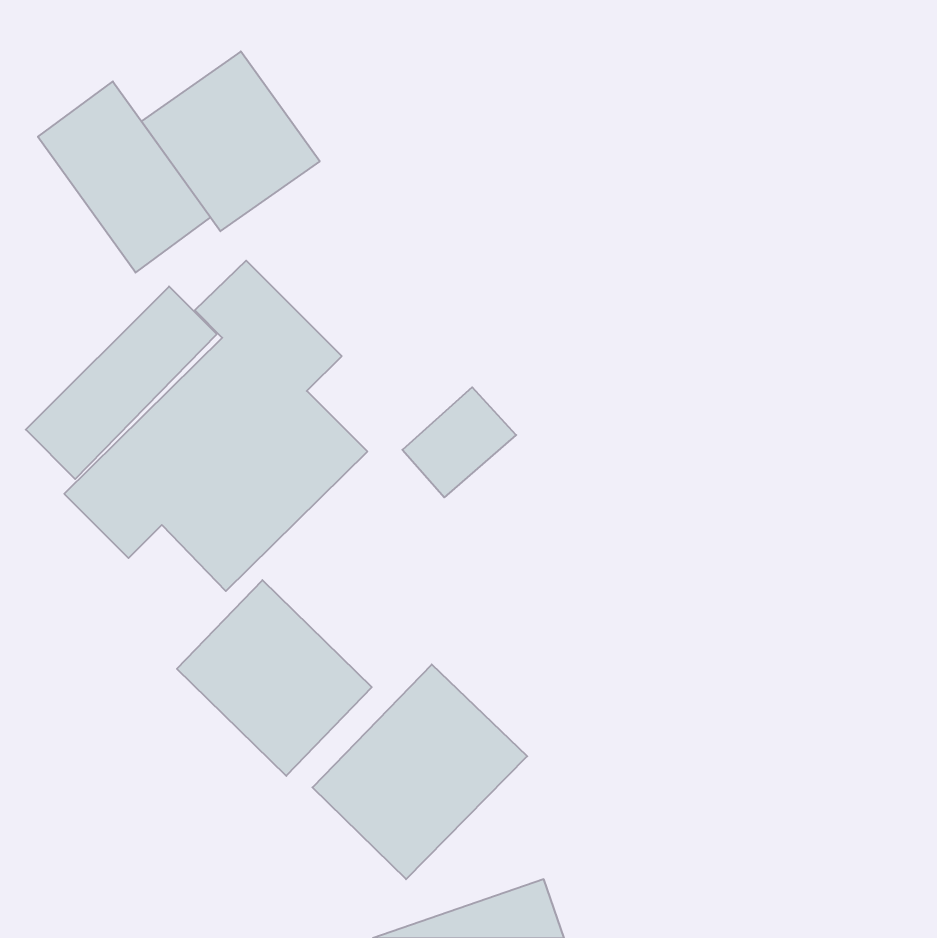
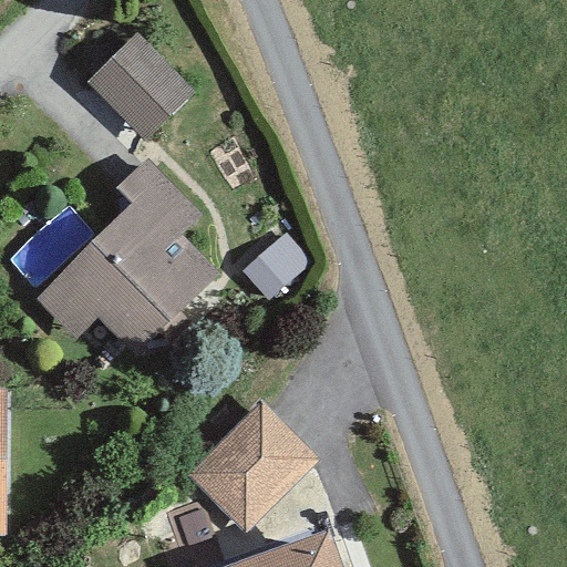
building: [38,81,210,273] -> none
building: [177,580,372,776] -> none

